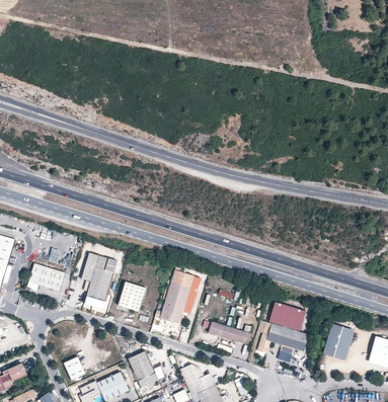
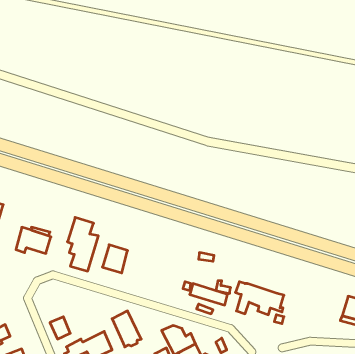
building: [161,270,201,324] -> none
building: [269,303,307,332] -> none
building: [321,321,354,358] -> none

